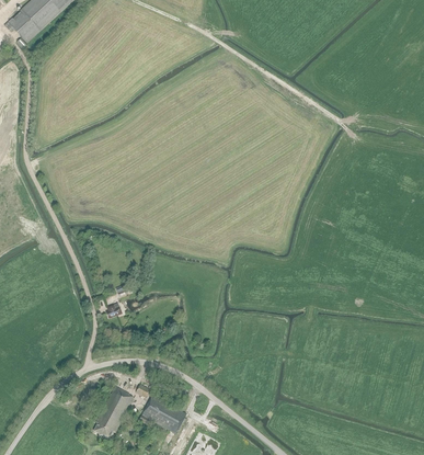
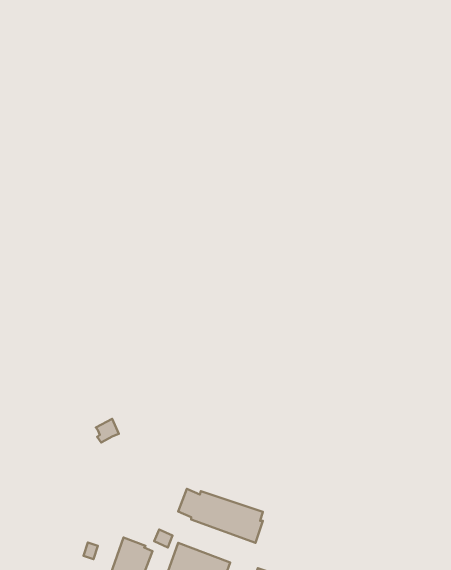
building: none -> [178,489,263,543]

